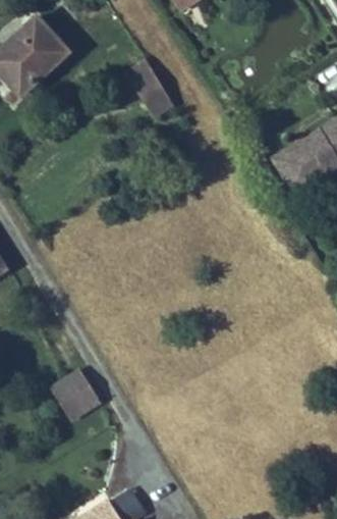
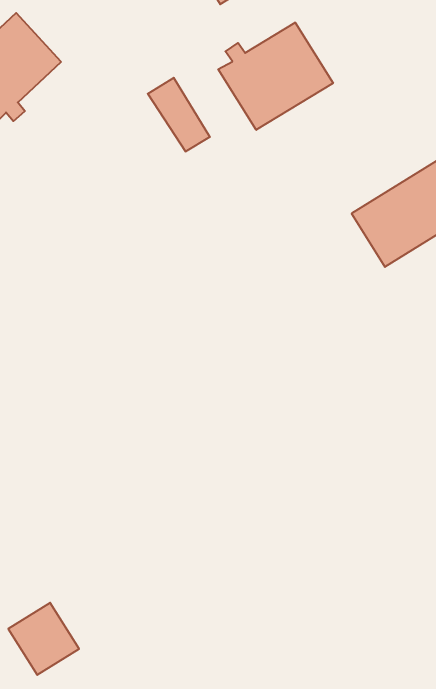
building: none -> [218,22,333,130]
building: [50,369,100,420] -> [8,603,79,675]

